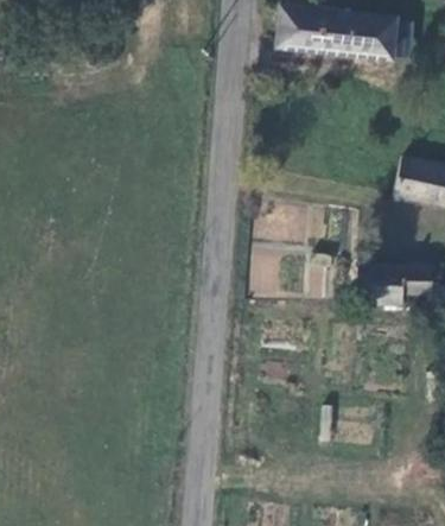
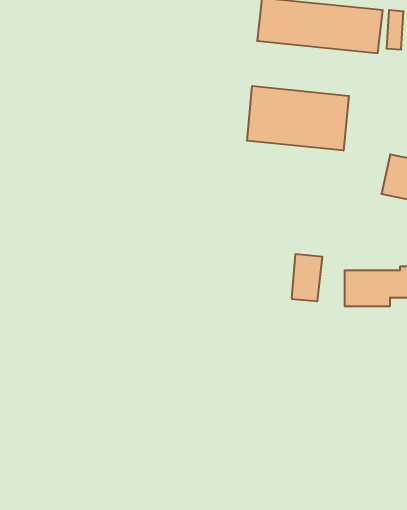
building: none -> [247,86,349,151]

